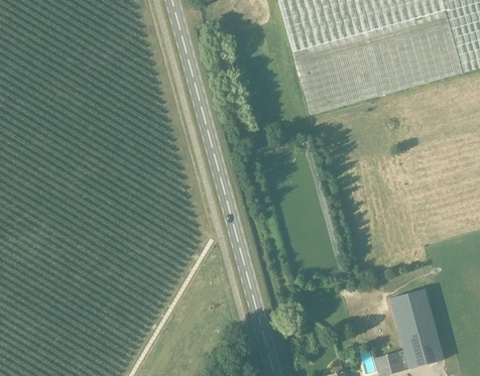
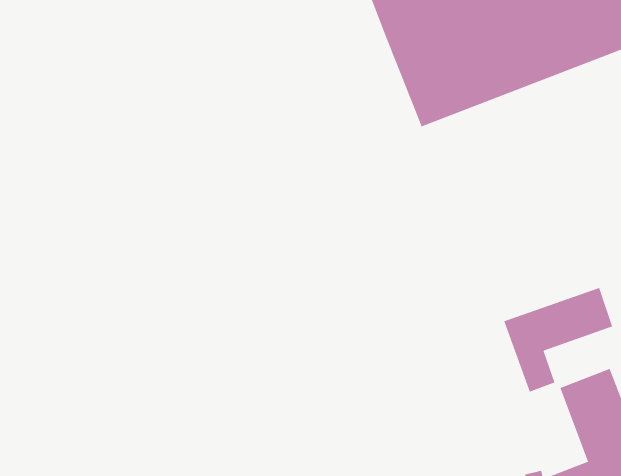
building: none -> [503,287,613,392]

